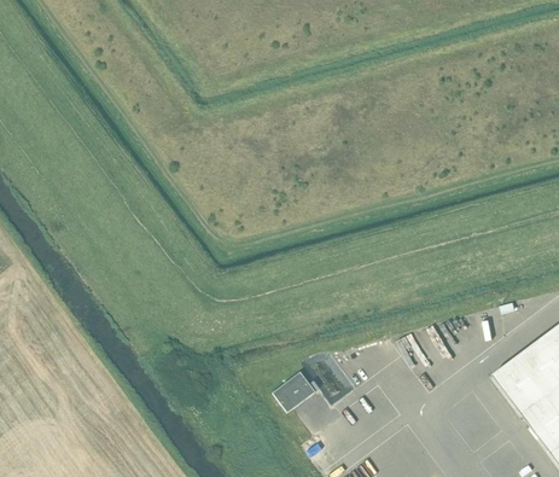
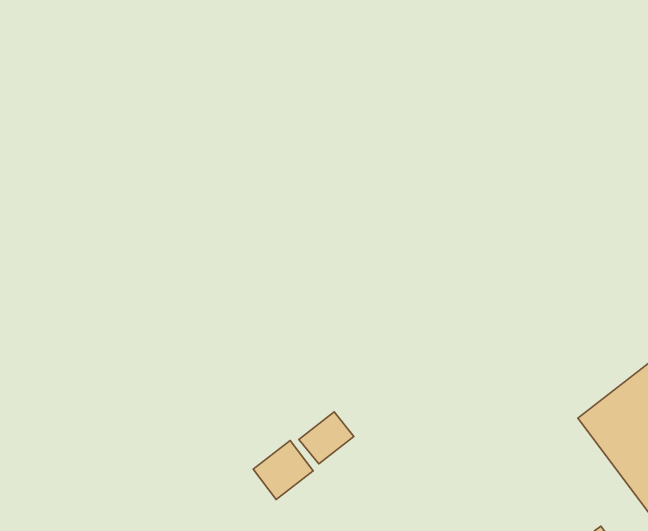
building: none -> [253,440,313,500]

